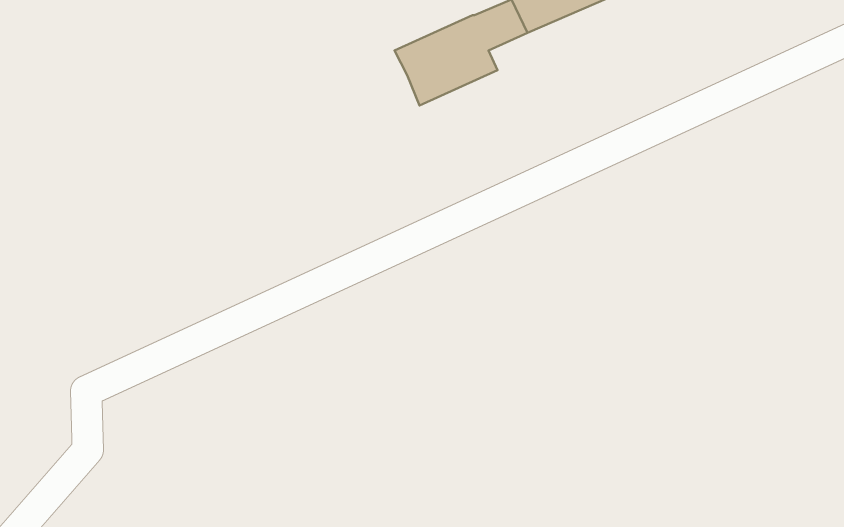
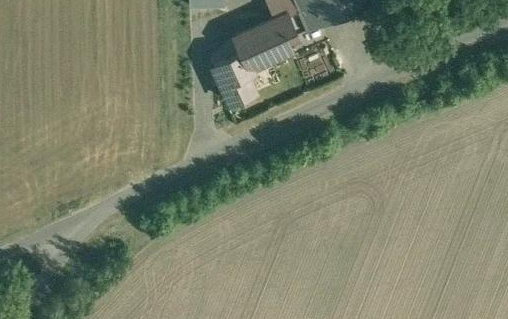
building: none -> [209,53,255,104]

